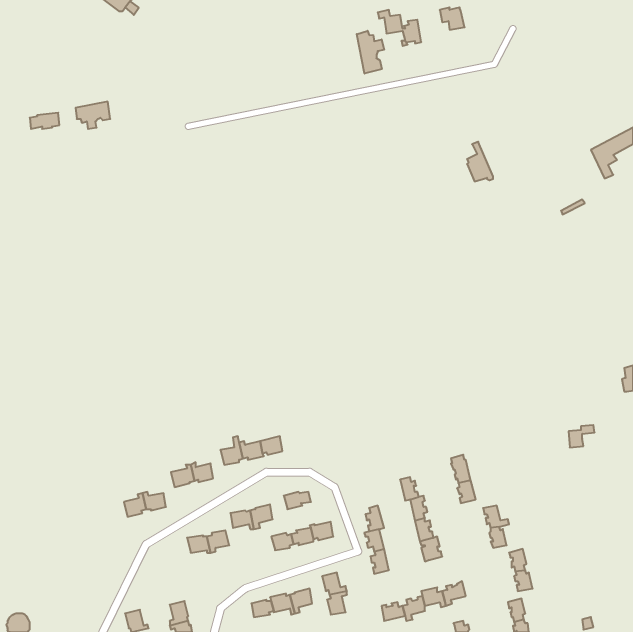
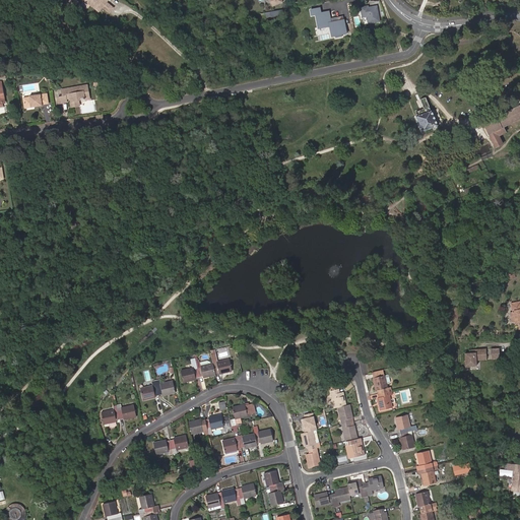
building: [357,31,384,74] -> none
building: [467,142,493,181] -> [416,98,438,130]

